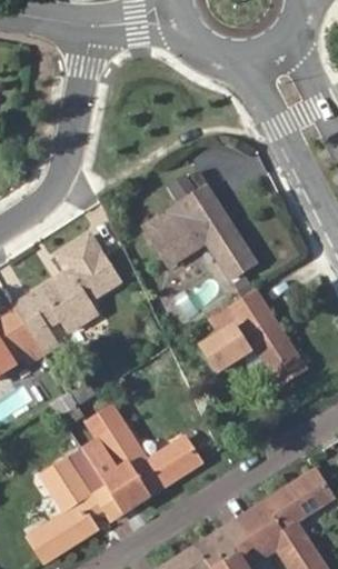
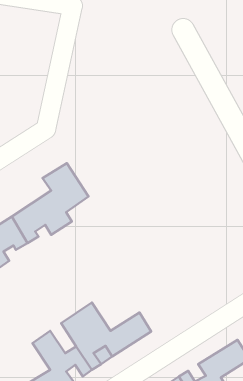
building: [143,184,256,279] -> none
building: [203,289,305,383] -> none

